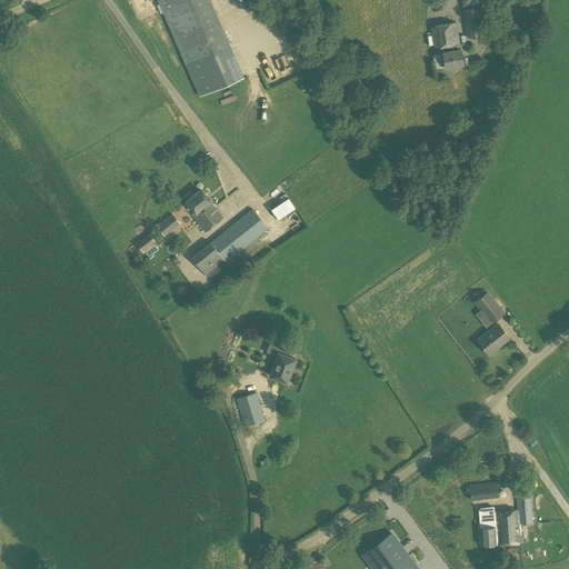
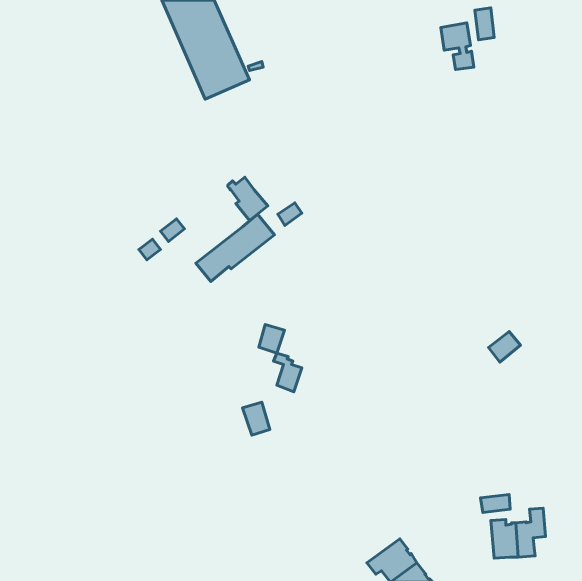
building: [184,190,223,232] -> [228,177,268,221]
building: [475,292,505,325] -> none
building: none -> [259,325,284,353]

